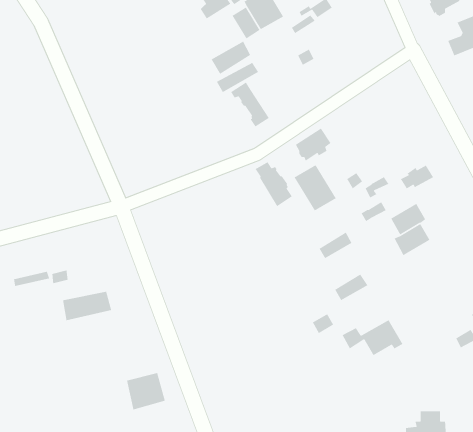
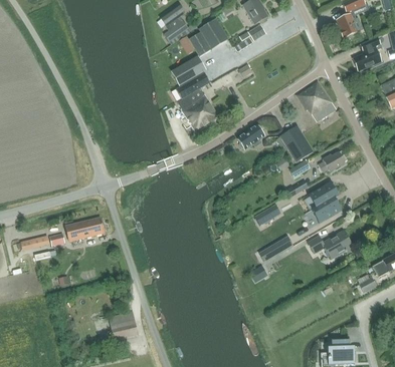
building: none -> [297,81,336,121]
building: [255,161,293,207] -> [178,97,207,132]
building: [294,164,337,212] -> [279,125,313,161]
building: [62,291,112,321] -> [67,217,106,240]
building: [342,319,403,356] -> [307,231,354,259]

